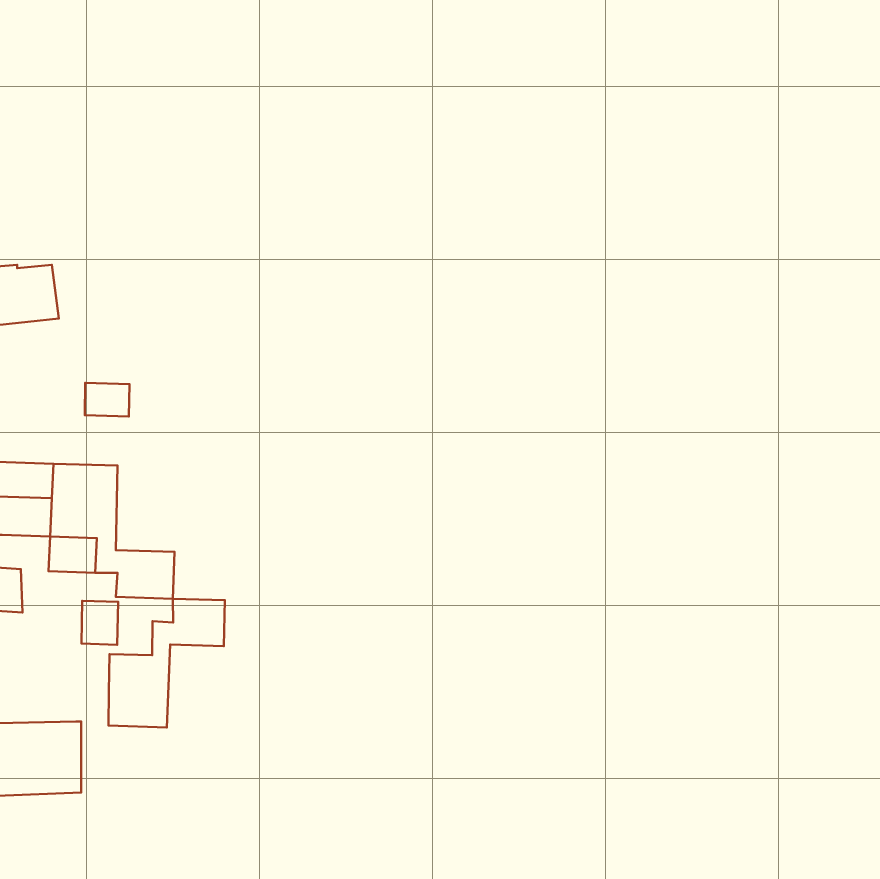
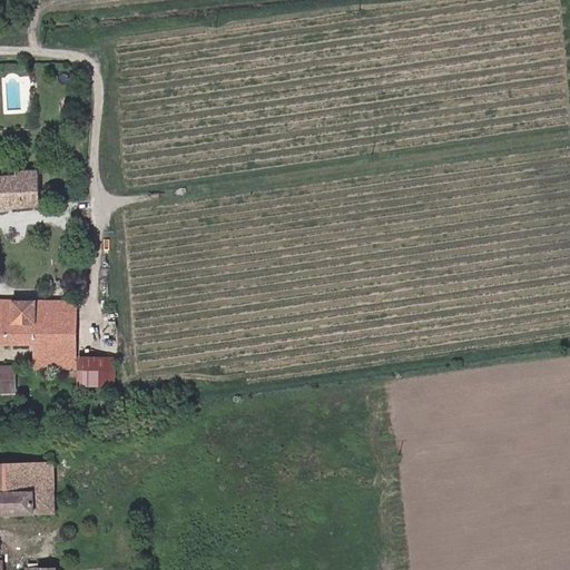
building: [85,383,130,417] -> none
building: [109,599,225,727] -> none
building: [81,601,118,645] -> none

